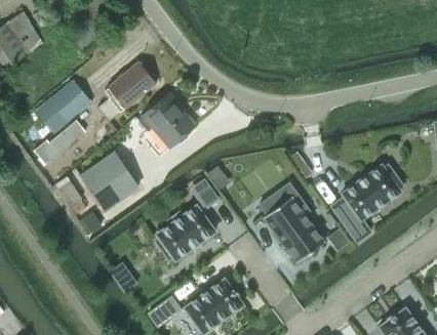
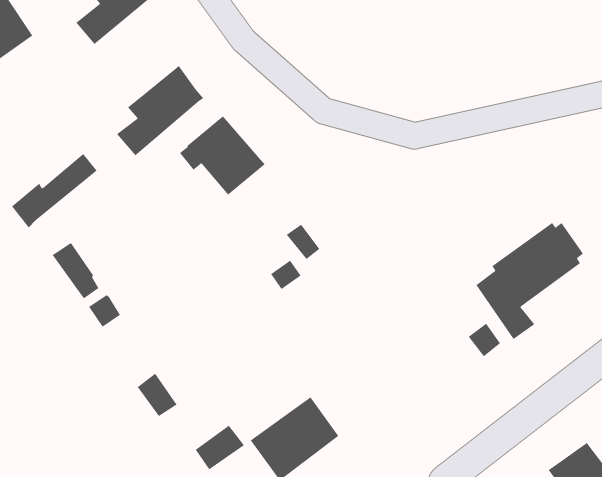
building: [36,79,91,132] -> none
building: [81,153,138,209] -> none
building: [265,192,325,261] -> none
building: [155,205,215,260] -> none

